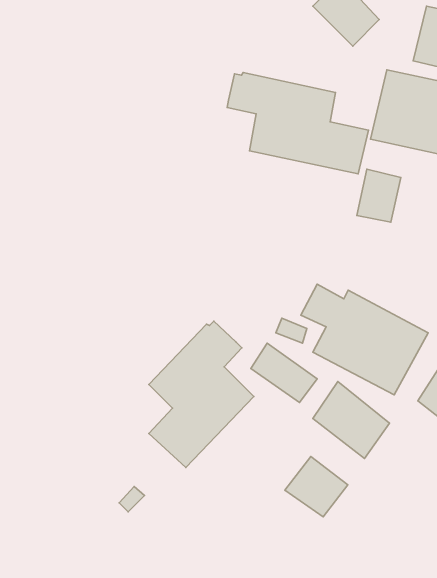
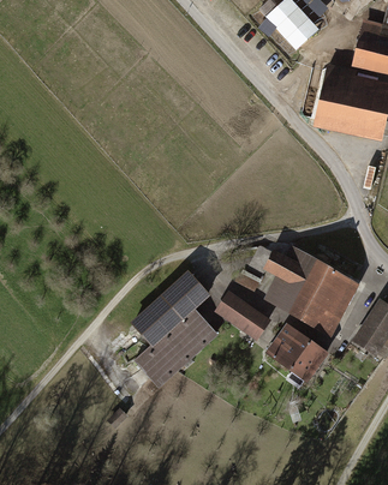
building: [227,73,368,174] -> none
building: [357,169,401,222] -> none
building: [285,456,348,517] -> none

